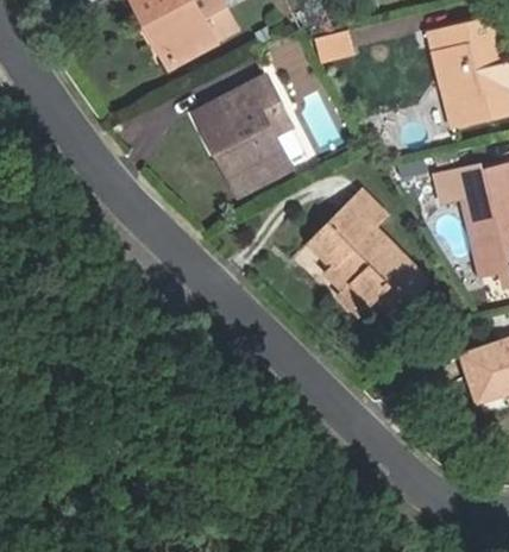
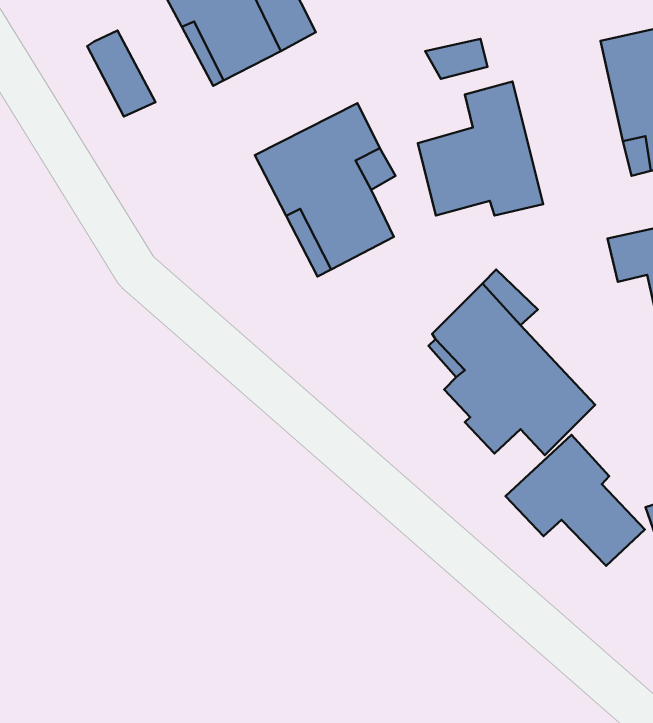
building: none -> [87,30,155,117]
building: none -> [418,82,543,216]
building: none -> [506,435,645,566]

